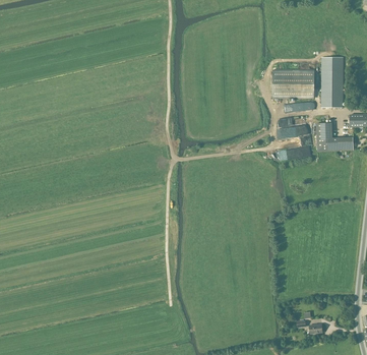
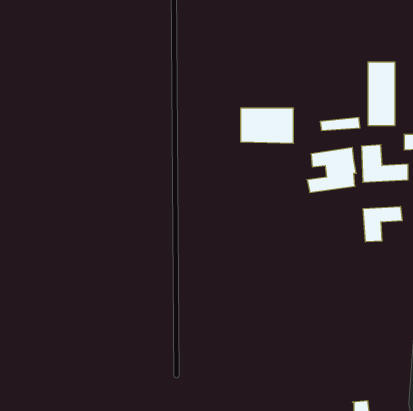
building: [272,70,314,98] -> [241,108,294,143]
building: none -> [363,206,402,242]

